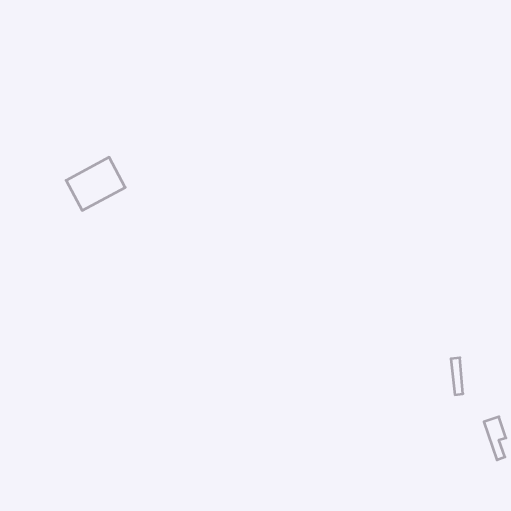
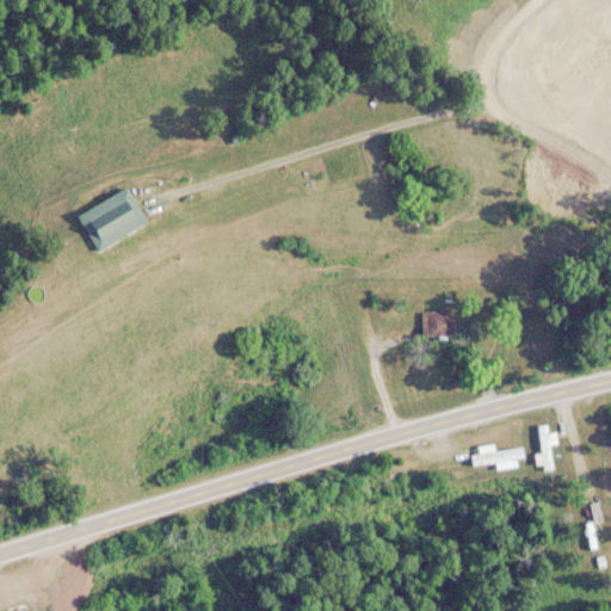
building: none -> [424,311,456,337]
building: none -> [470,449,524,468]

